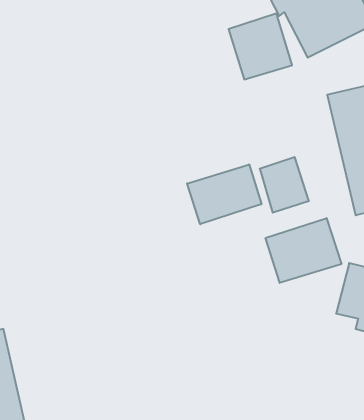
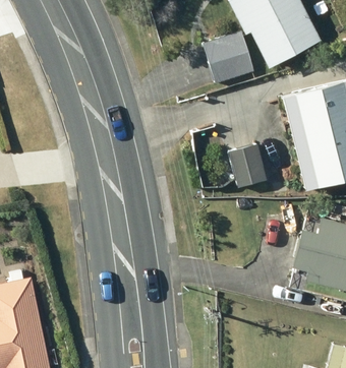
building: [187,164,261,224] -> none
building: [266,218,341,283] -> none

